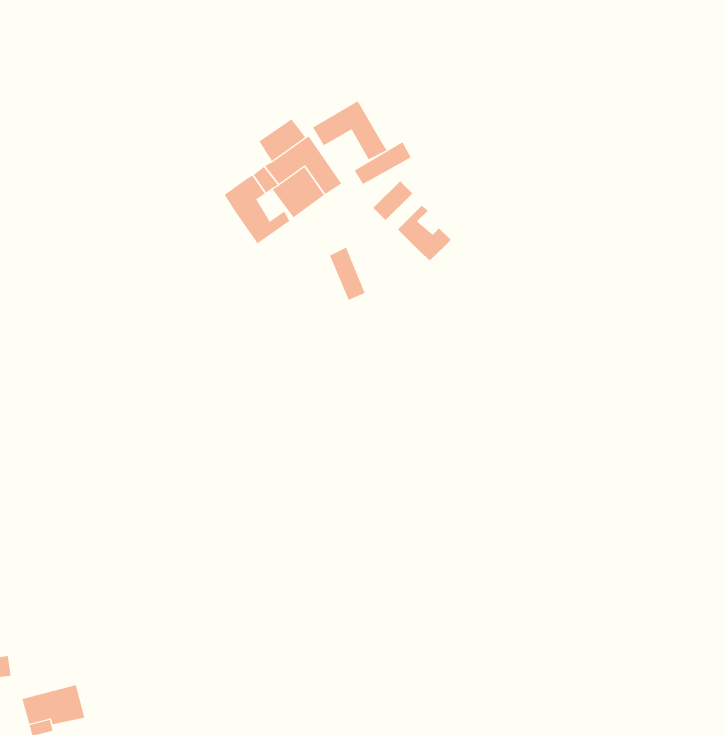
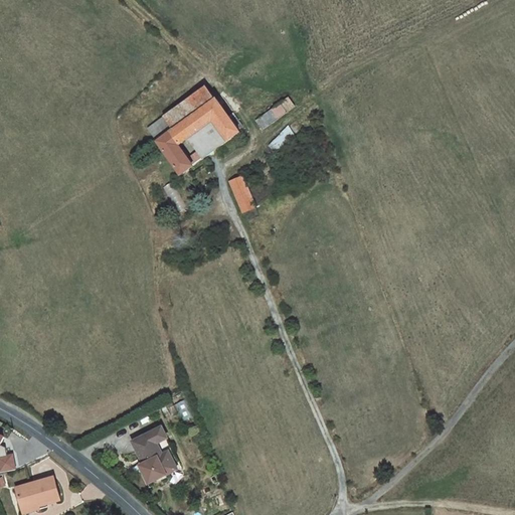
building: [312,100,388,160] -> none
building: none -> [162,101,189,127]
building: [397,205,451,261] -> none
building: none -> [130,427,174,476]

